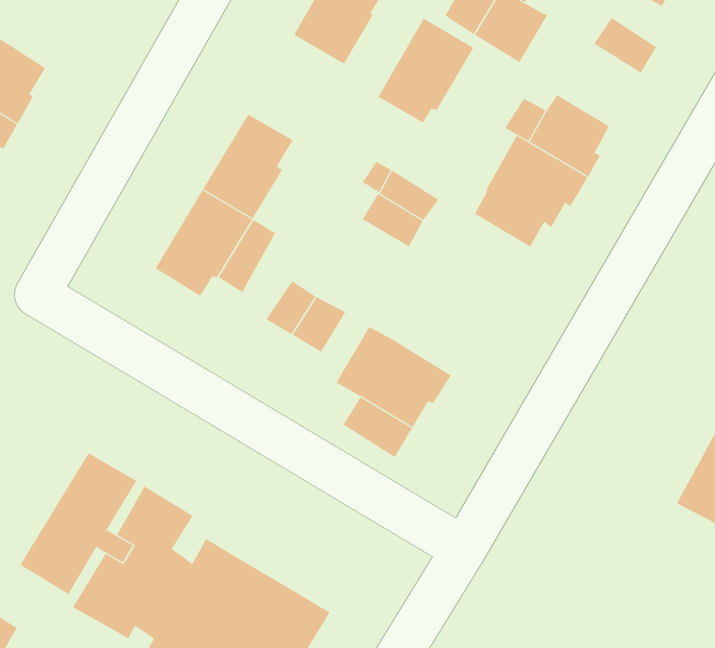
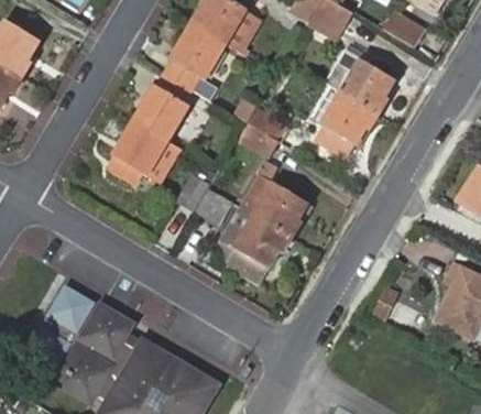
building: [378,18,474,123] -> [166,23,227,89]
building: none -> [256,184,308,237]

